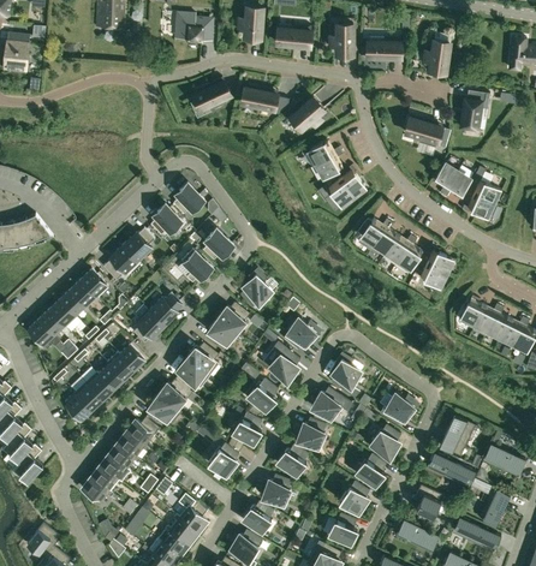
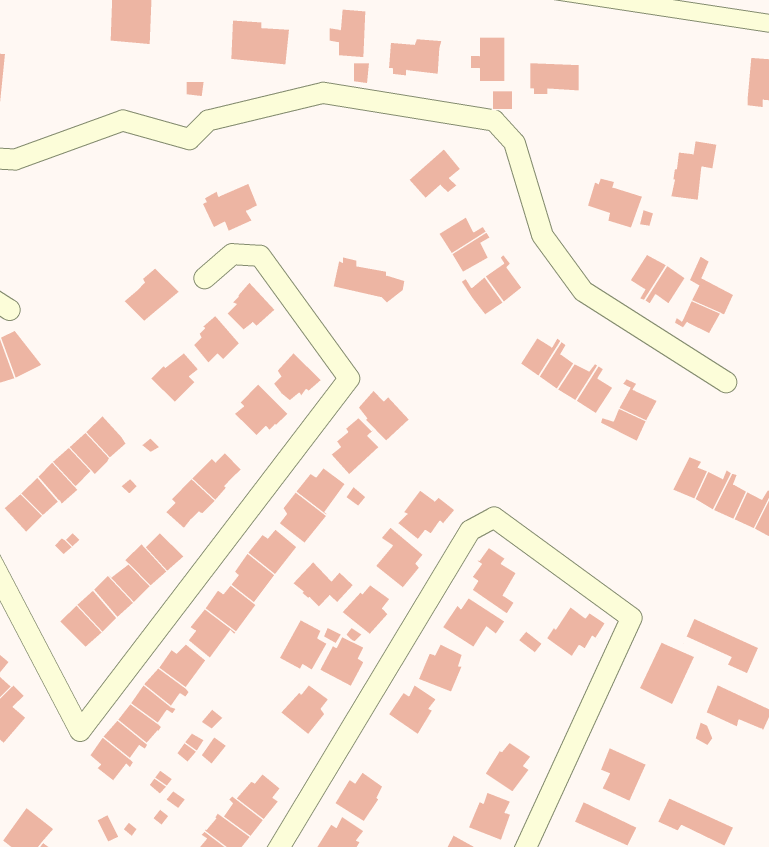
building: [423,41,449,73] -> none
building: [193,82,230,113] -> [202,183,258,232]
building: [242,85,288,115] -> [333,257,405,303]
building: [102,246,138,281] -> [124,268,179,322]
building: none -> [358,390,409,441]
building: none -> [292,562,354,607]
building: none -> [279,619,327,670]
building: [370,425,400,459] -> none
building: [425,453,475,489] -> [683,618,759,674]
building: [356,454,386,488] -> none
building: [262,476,291,506] -> none
building: [477,488,510,528] -> none

